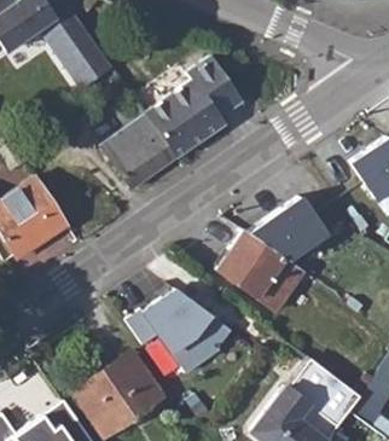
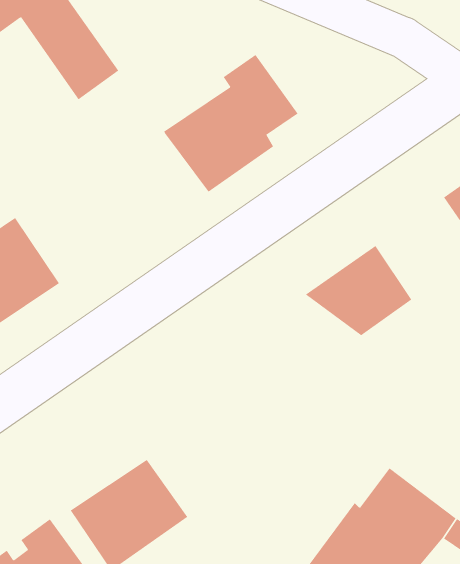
building: [103,116,178,188] -> none
building: [216,230,304,313] -> none
building: [127,286,231,372] -> none

